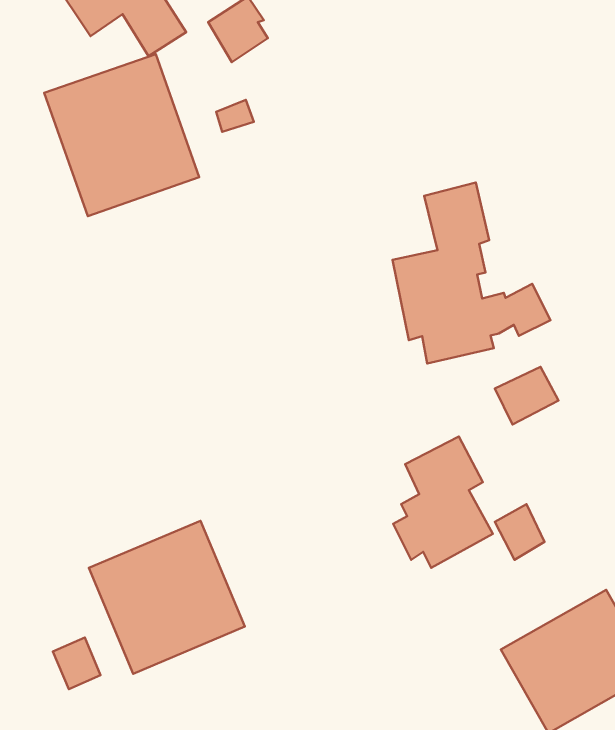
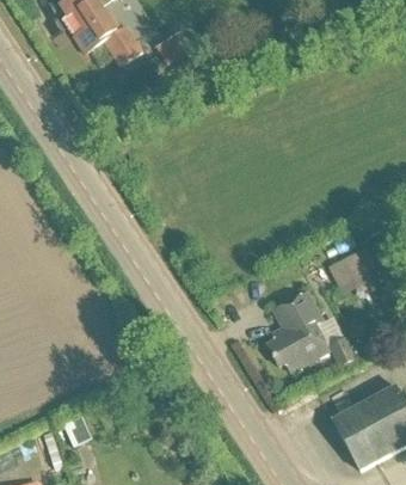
building: [44,54,199,216] -> none
building: [392,182,550,364] -> none
building: [89,521,245,674] -> none

